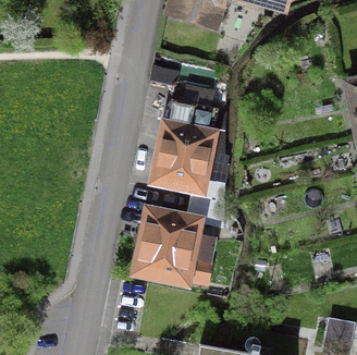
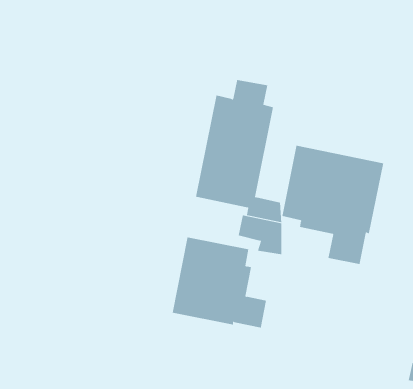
building: none -> [282,145,384,265]

